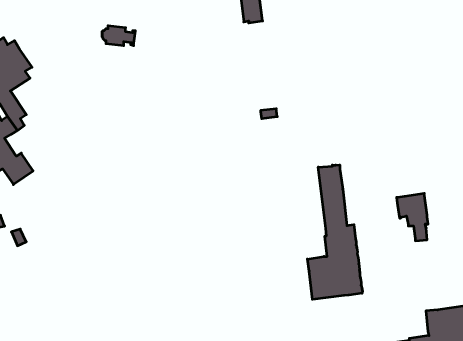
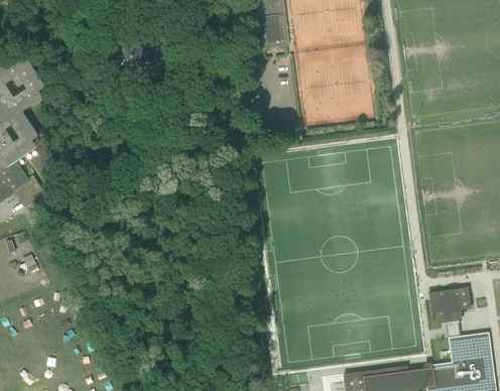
building: [307,165,362,299] -> none
building: [397,193,428,241] -> [428,288,461,337]

